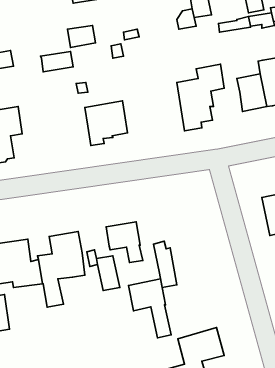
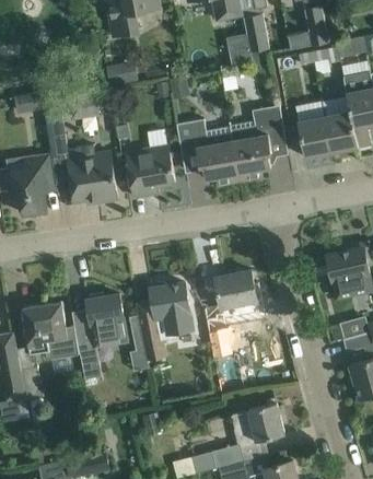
building: none -> [44,112,117,202]
building: none -> [176,119,238,184]
building: [129,279,171,338] -> [214,271,263,338]

